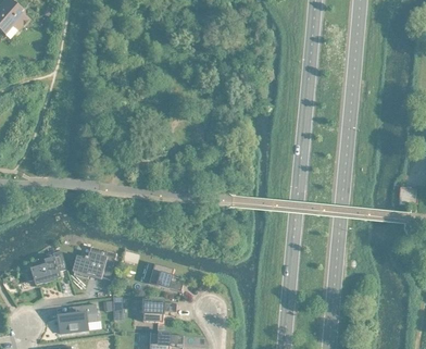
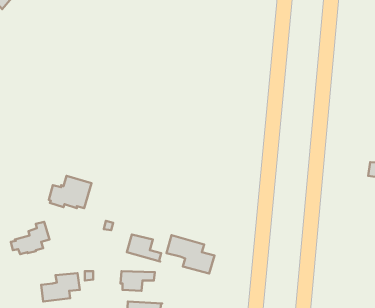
building: [72,245,116,278] -> [49,176,92,208]
building: none -> [166,235,214,273]

